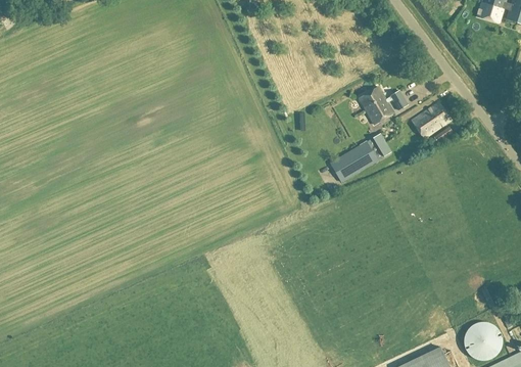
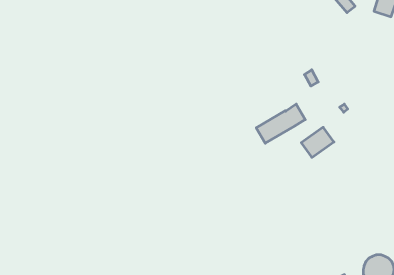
building: [359,86,394,124] -> none
building: [411,100,452,138] -> [301,127,334,157]

